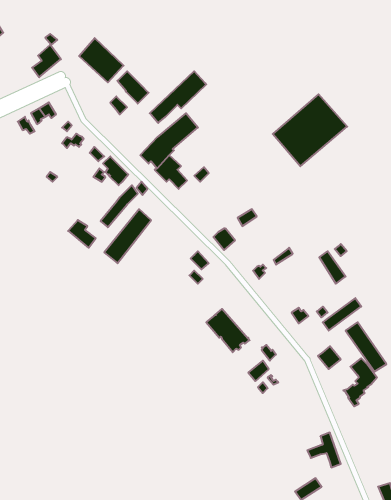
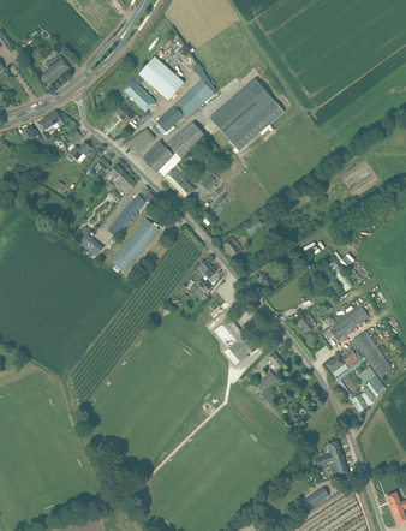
building: [79,38,124,82] -> [138,55,183,100]
building: [273,94,347,166] -> [209,78,283,150]

